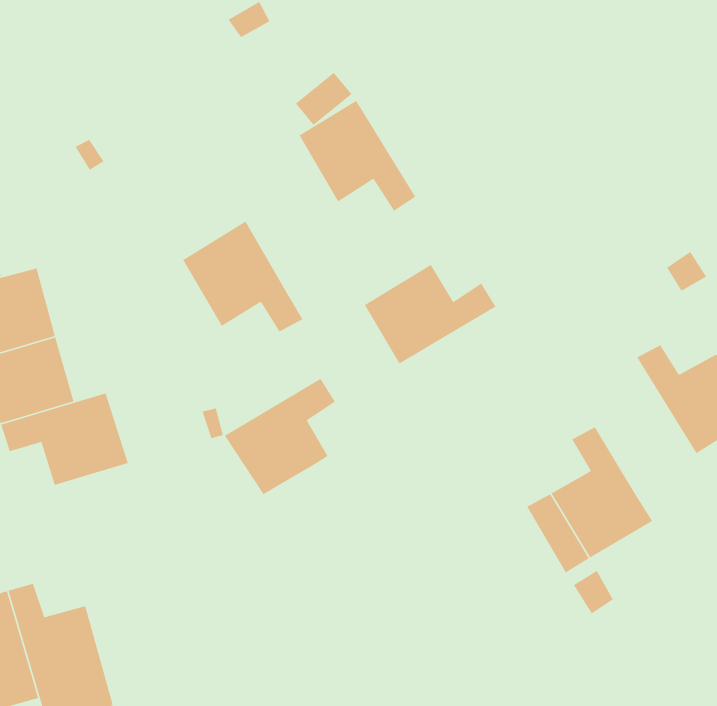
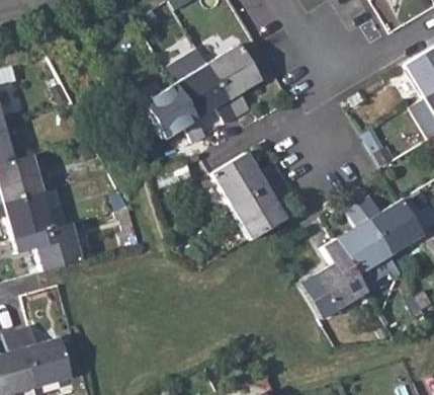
building: none -> [207,42,262,128]
building: [182,221,304,333] -> [142,81,207,142]
building: none -> [337,202,392,274]
building: [224,378,336,495] -> [231,174,291,238]

